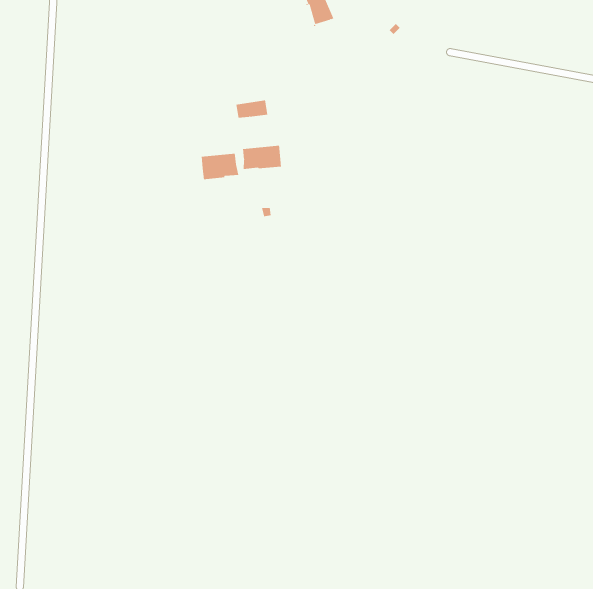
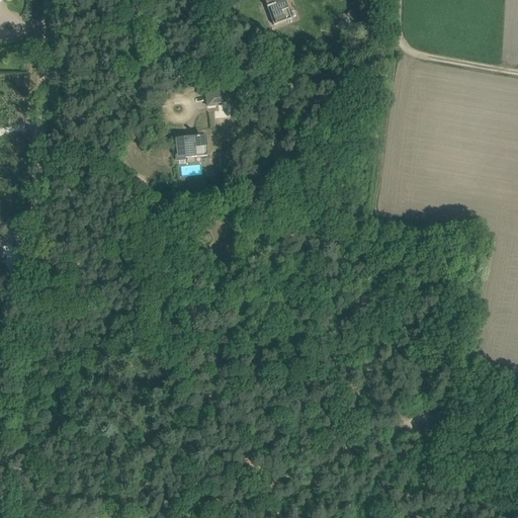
building: [242,145,282,170] -> none

